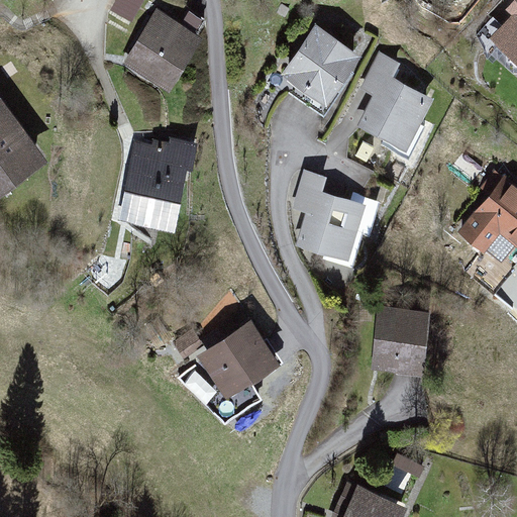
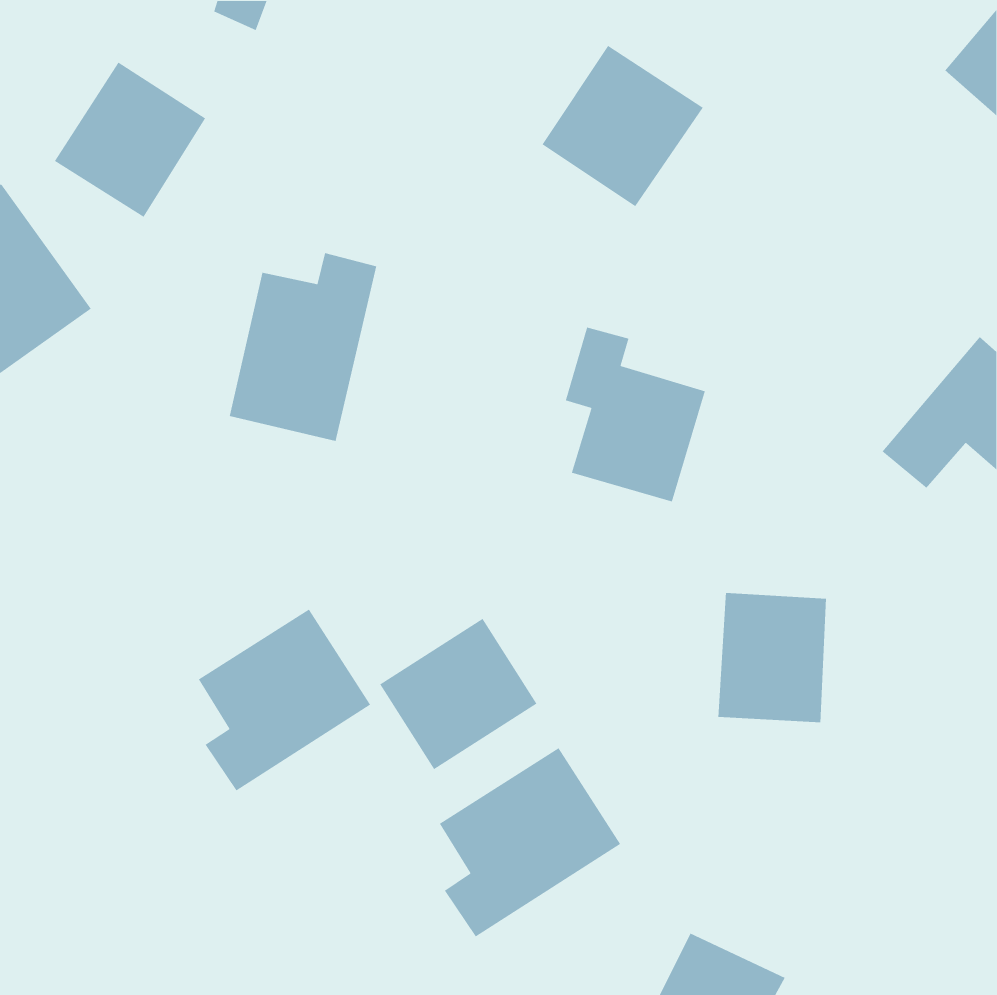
building: [123,11,202,92] -> [54,61,206,218]
building: [356,54,431,150] -> none
building: none -> [198,608,371,792]
building: none -> [439,747,621,938]

